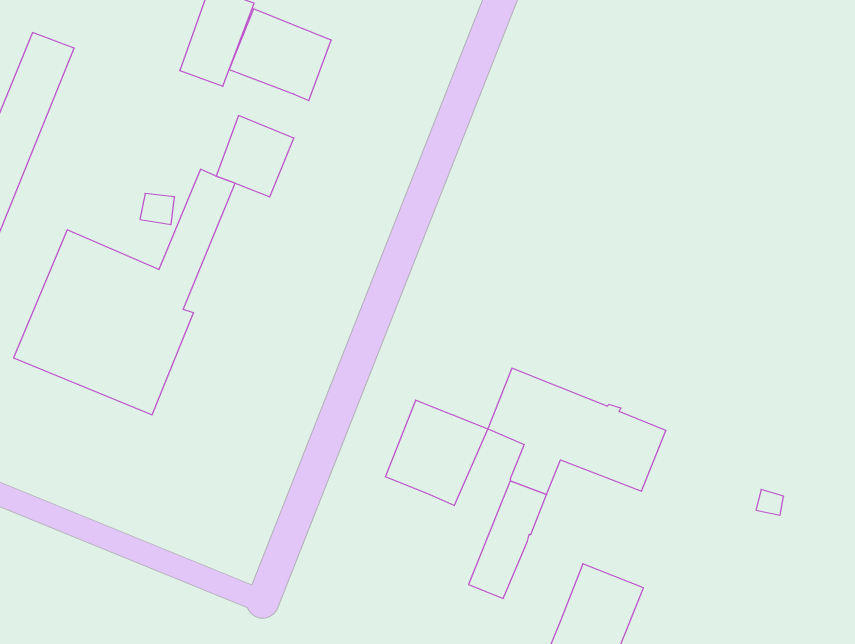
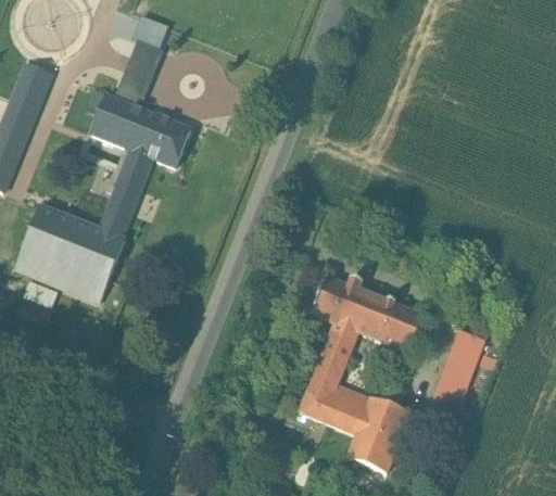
building: [229,9,331,101] -> [91,97,155,154]
building: [386,400,488,506] -> none
building: none -> [431,329,483,412]
building: none -> [321,383,371,433]

